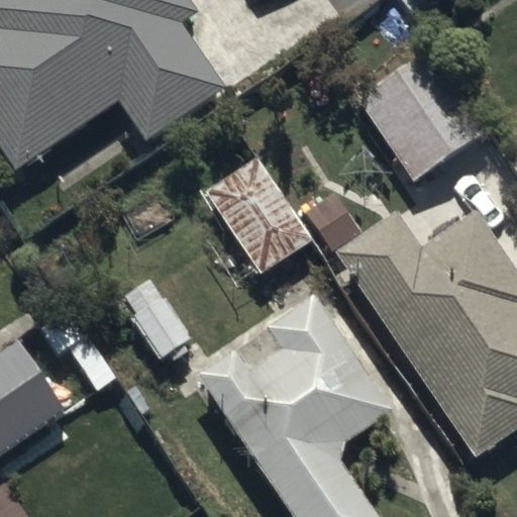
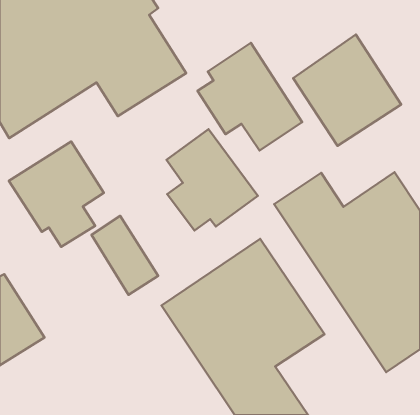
building: none -> [198,43,302,151]
building: none -> [9,142,104,247]

